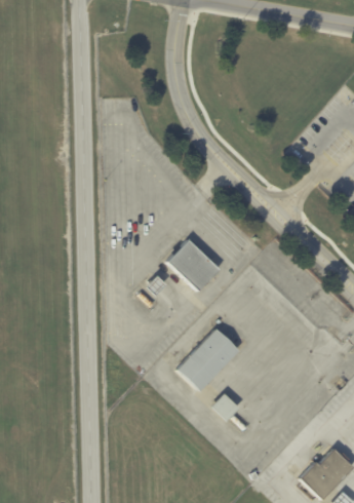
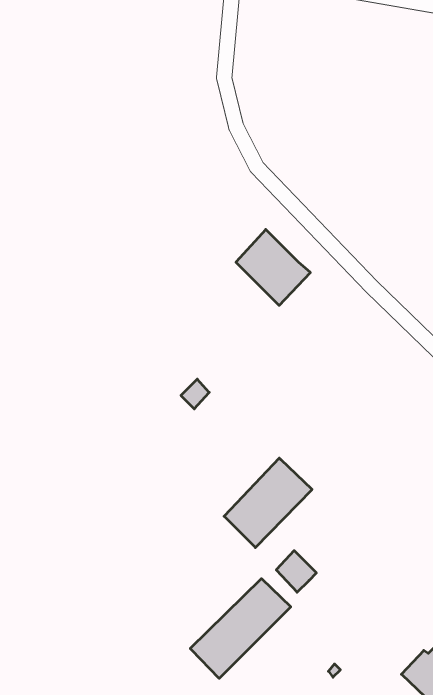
building: [168,238,220,291] -> [236,229,310,305]
building: none -> [190,579,291,678]

